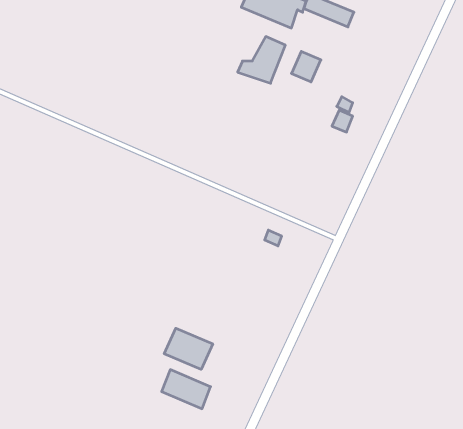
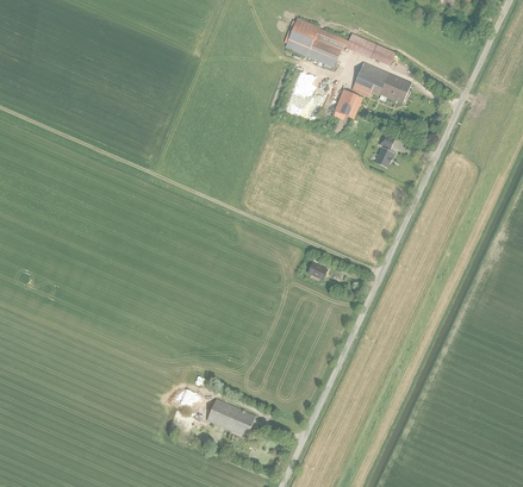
building: none -> [350,61,412,104]
building: [164,328,213,369] -> none

